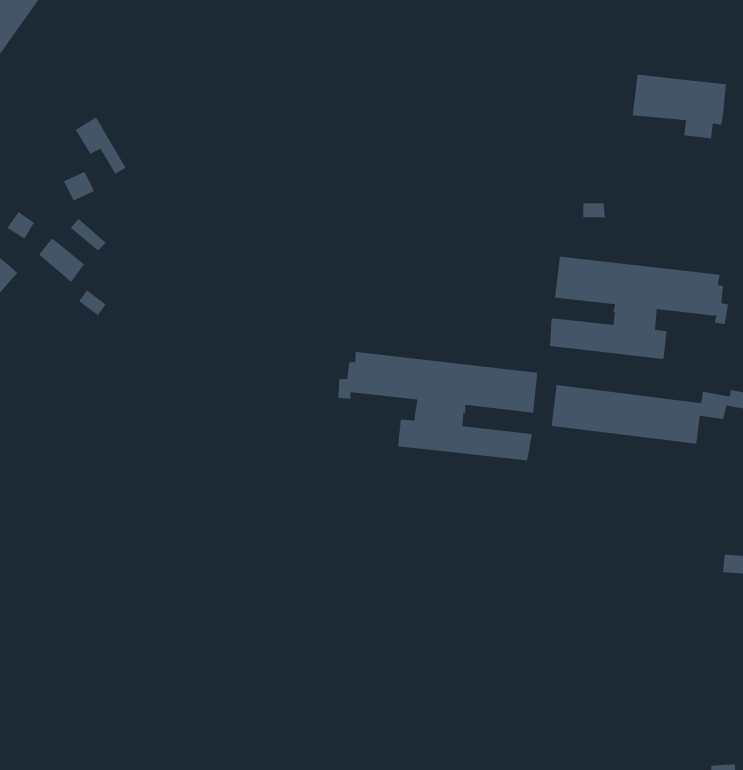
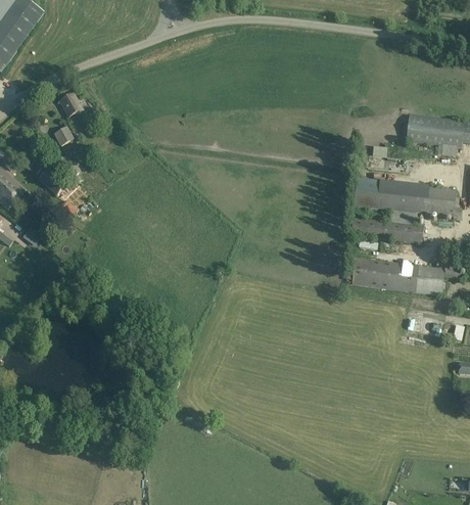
building: [632,74,727,139] -> [406,114,464,154]
building: [338,351,538,461] -> none

